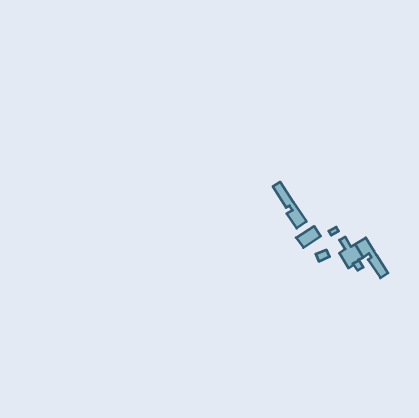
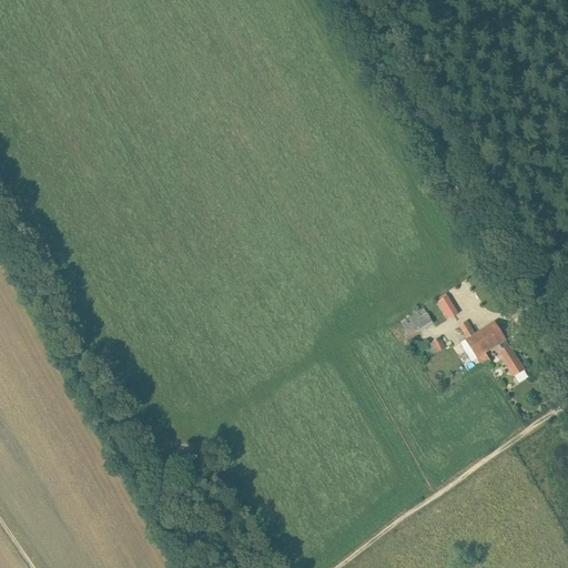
building: [273,182,306,228] -> none

